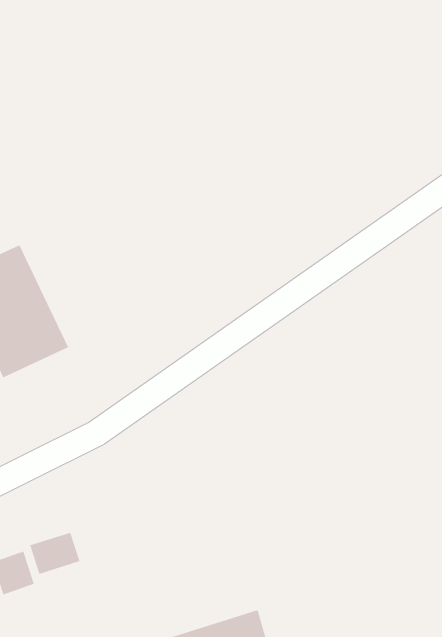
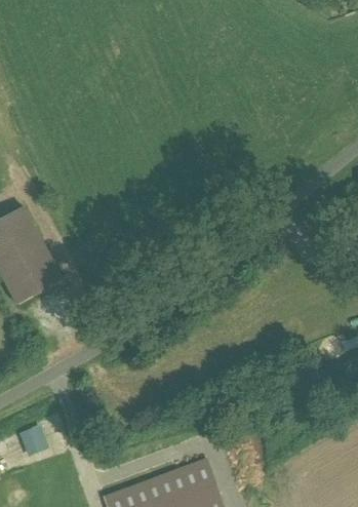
building: [29,532,81,575] -> none

